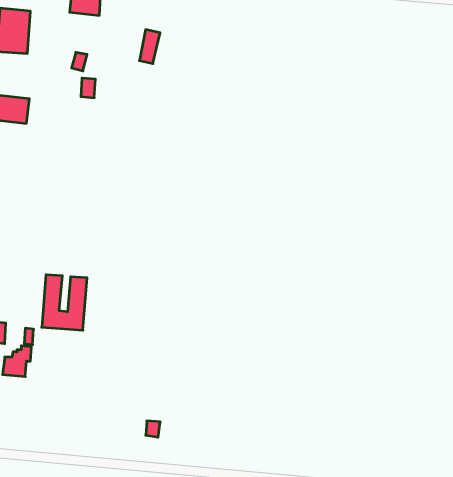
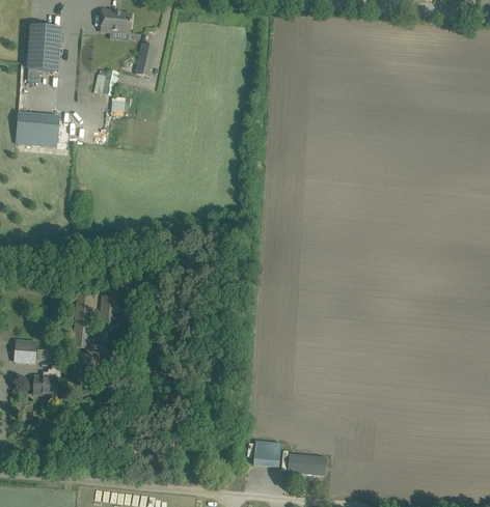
building: [139,30,160,64] -> [135,43,156,77]
building: none -> [252,441,280,467]
building: none -> [287,454,326,475]

